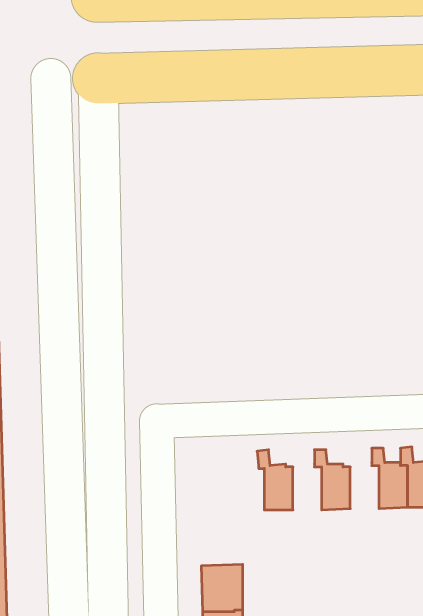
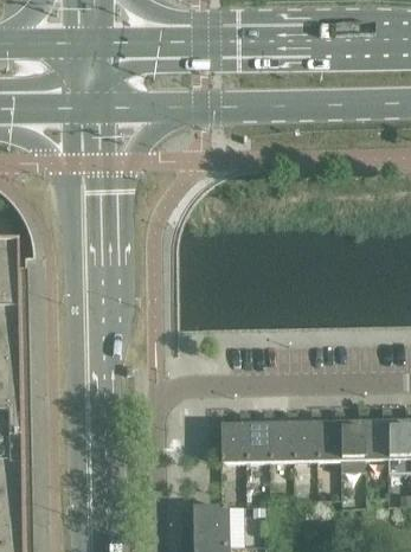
building: none -> [308,411,338,461]
building: none -> [261,412,290,462]
building: none -> [208,425,243,463]

